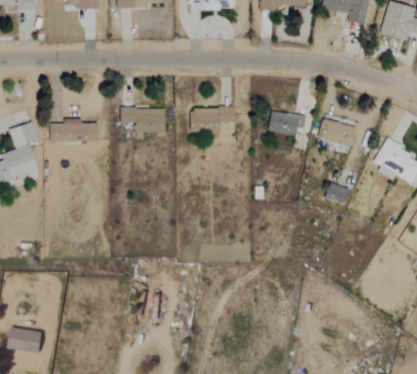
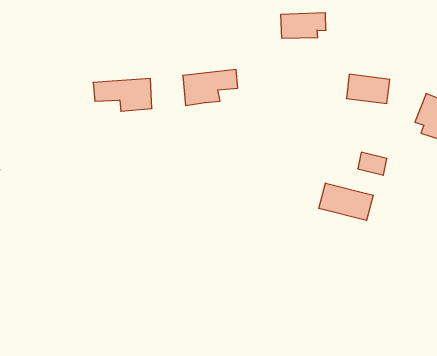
building: [269,112,306,133] -> [281,13,326,38]
building: [50,119,97,141] -> none
building: none -> [319,183,373,221]

